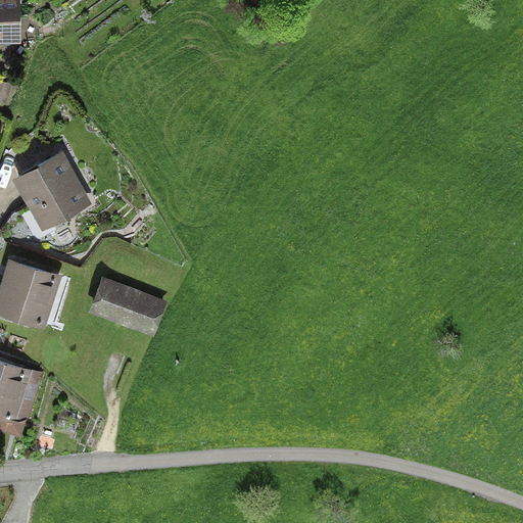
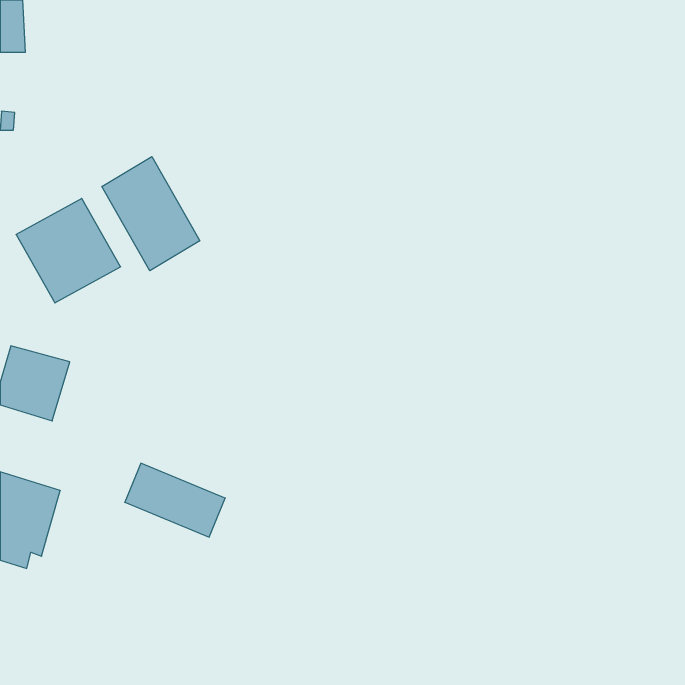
building: none -> [102,157,200,271]
building: [85,276,161,332] -> [125,463,225,537]

